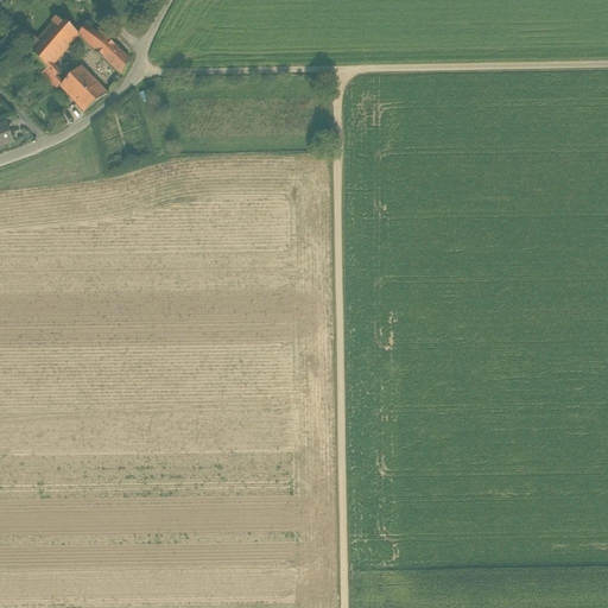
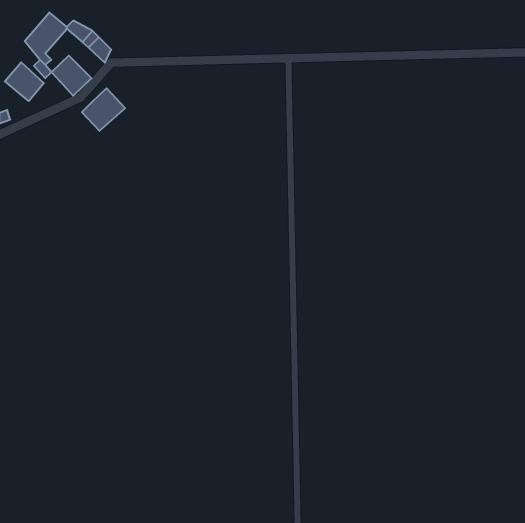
building: none -> [5,62,44,101]
building: none -> [82,88,125,131]

